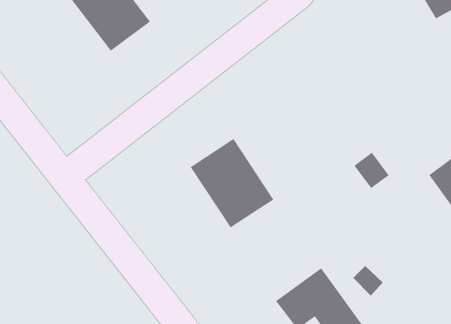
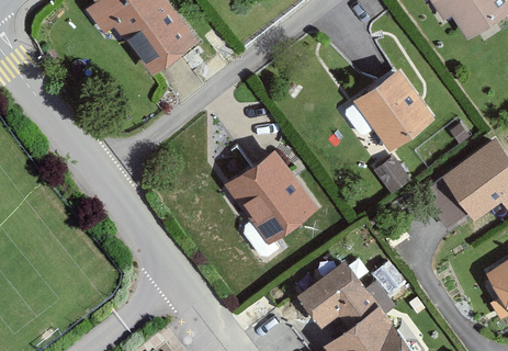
building: none -> [360,75,432,149]

